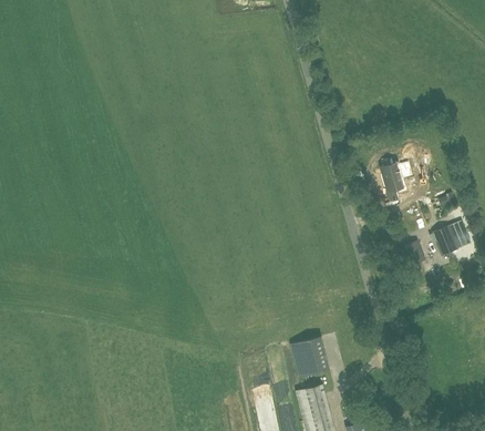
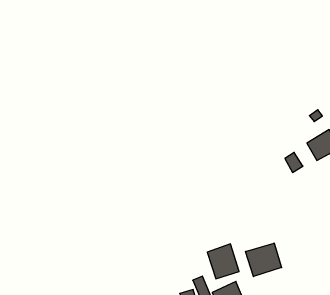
building: [380,158,410,199] -> none
building: none -> [246,243,282,277]

